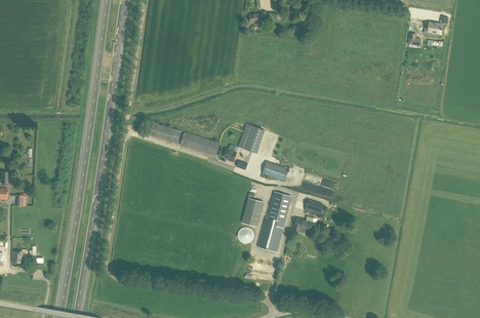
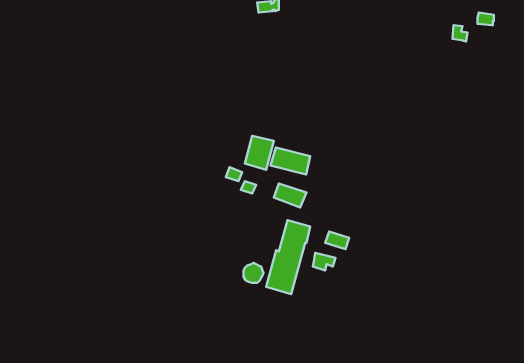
building: none -> [271,148,310,175]
building: [241,198,264,227] -> none

